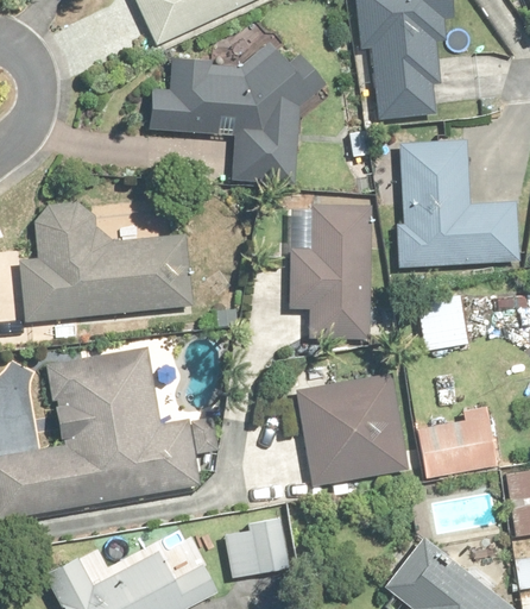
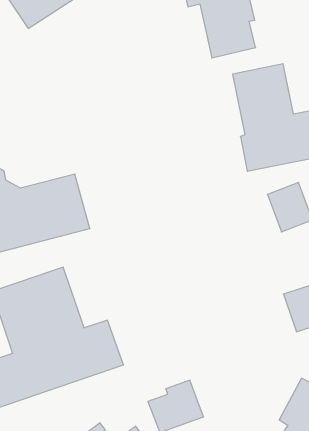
building: [150,40,314,182] -> none
building: [290,203,373,339] -> none
building: [298,375,408,484] -> none

